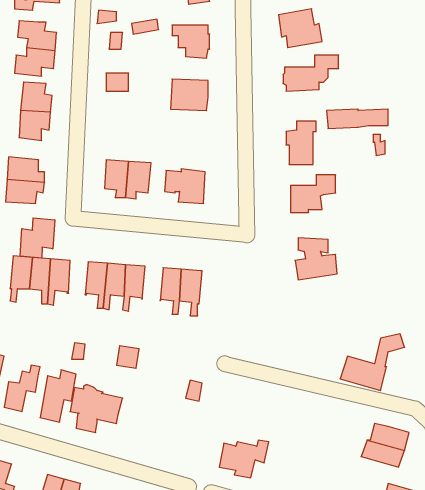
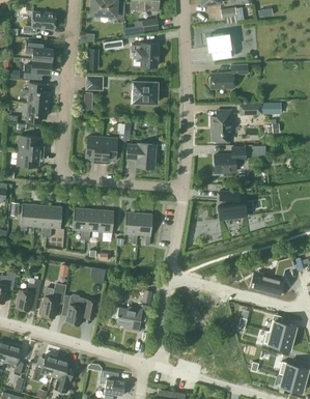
building: [20,218,55,258] -> none
building: [219,440,269,478] -> [115,305,149,331]

